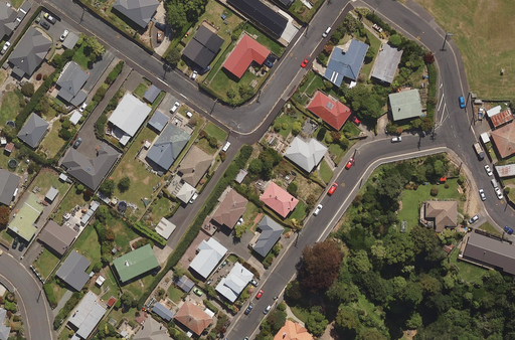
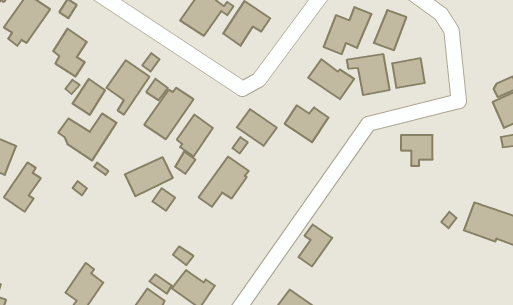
building: none -> [347,54,390,95]
building: [17,112,49,147] -> [72,79,105,115]
building: [260,181,299,217] -> [237,109,277,146]
building: [423,201,455,231] -> [401,135,433,166]
building: [251,214,285,256] -> [298,224,332,266]
building: [38,219,76,254] -> none
building: [189,236,227,278] -> none
building: [112,243,159,282] -> [125,157,173,196]
building: [55,249,91,291] -> none
building: [215,262,253,301] -> none

